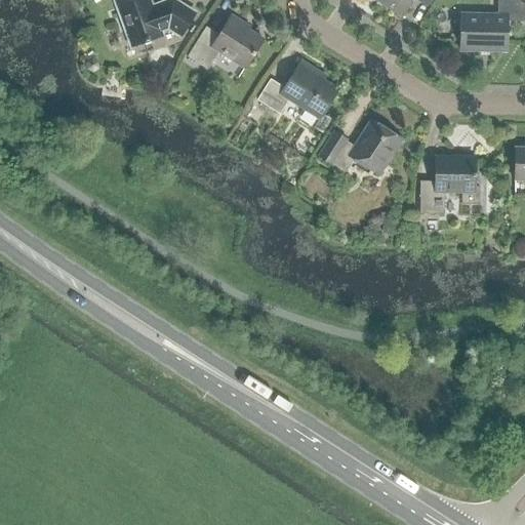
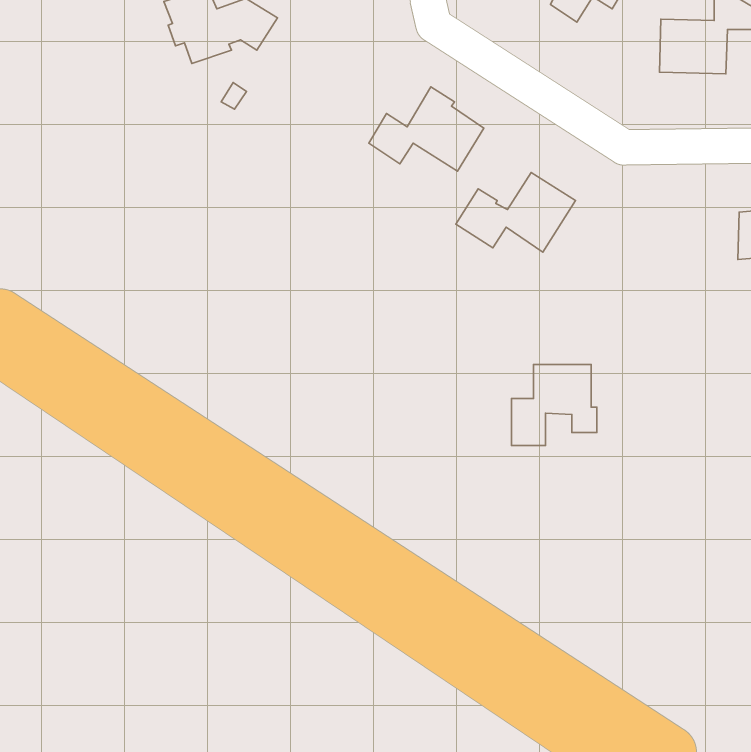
building: [188,16,264,69] -> none
building: [420,157,480,213] -> [511,365,597,446]

